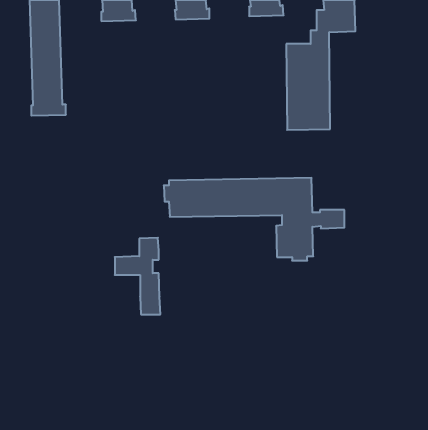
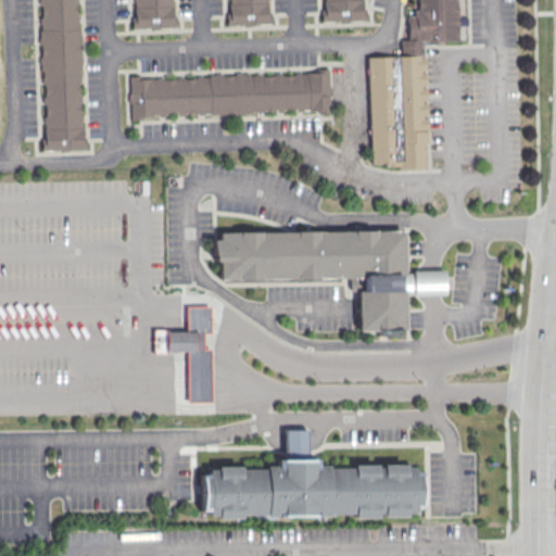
building: none -> [131,68,332,121]
building: none -> [201,429,422,519]

